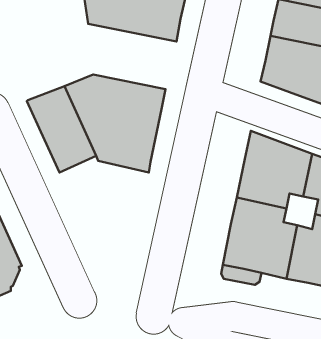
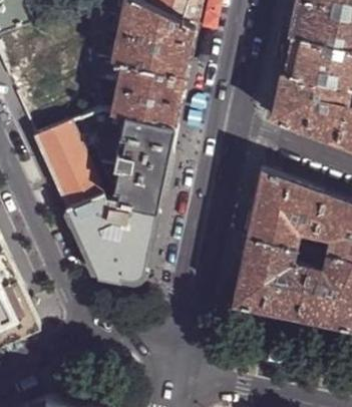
building: none -> [97,62,187,128]
building: none -> [68,195,158,284]

